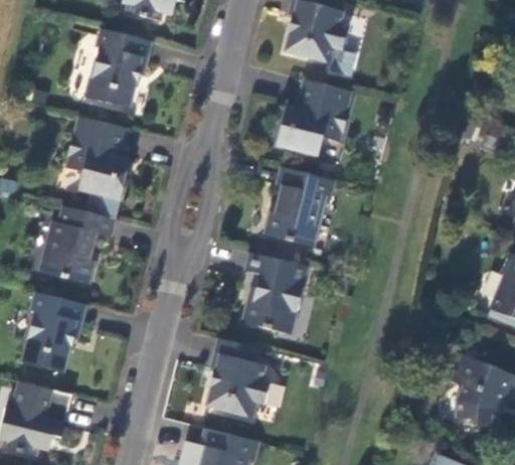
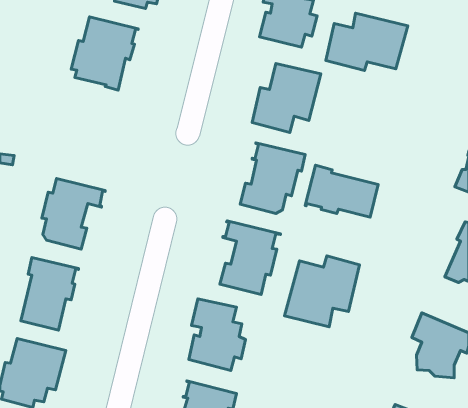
building: none -> [326,13,408,70]
building: [66,118,131,200] -> none
building: none -> [305,165,378,217]
building: none -> [285,256,360,327]

